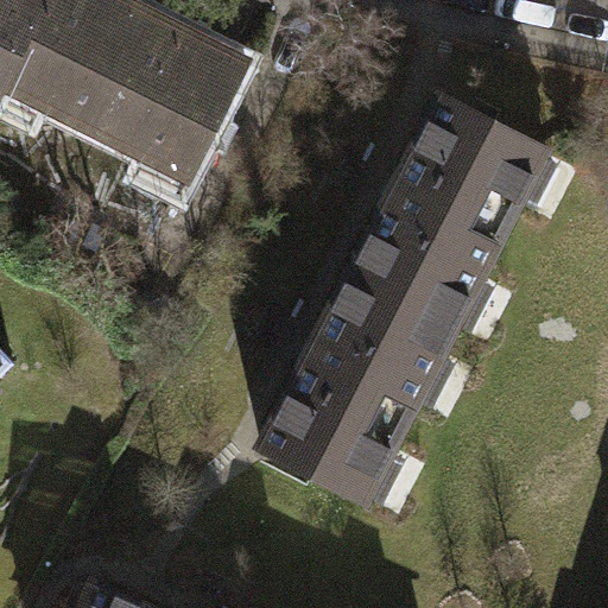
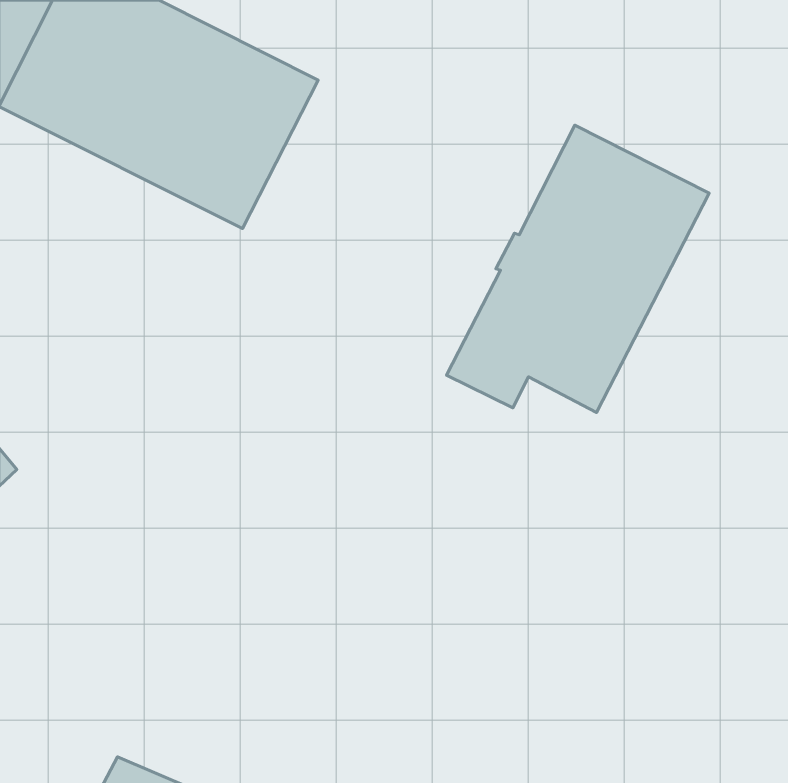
building: [261,293,458,504] -> none

